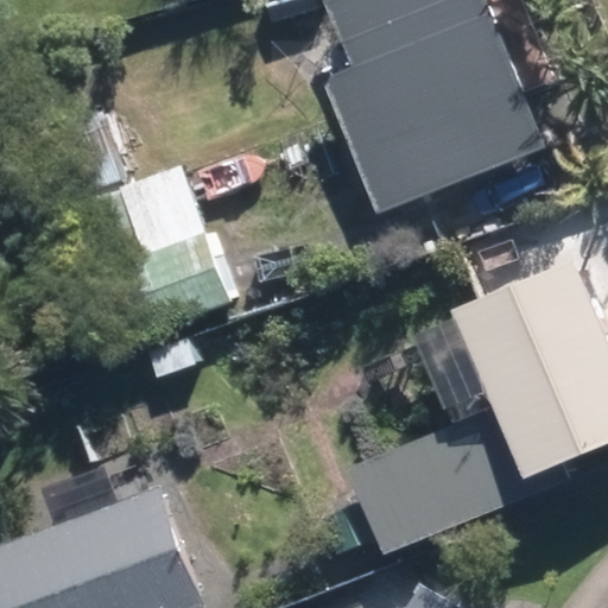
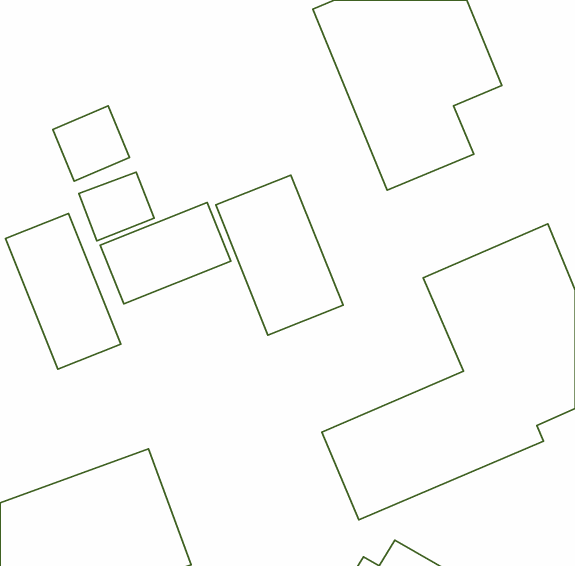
building: none -> [216,175,343,335]
building: none -> [6,214,121,369]

